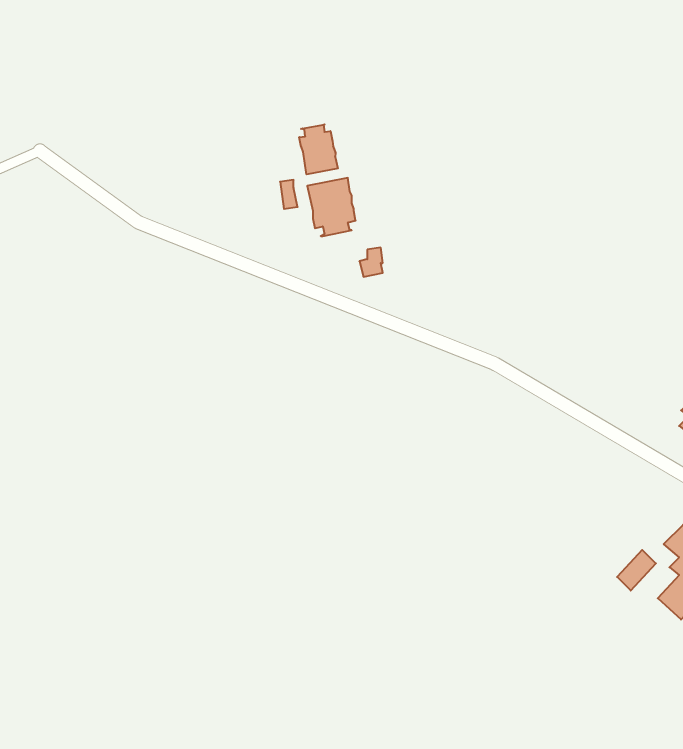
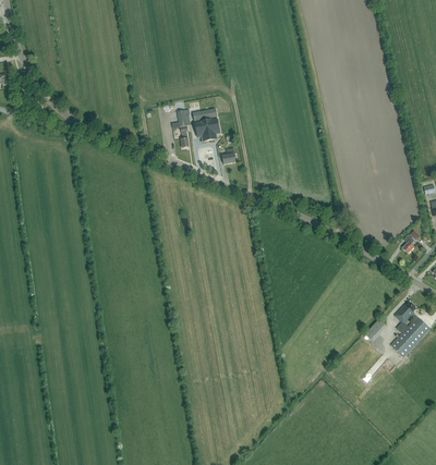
building: [299,124,338,174] -> none

